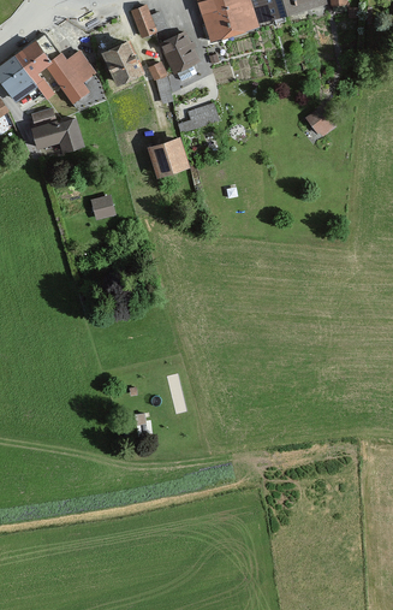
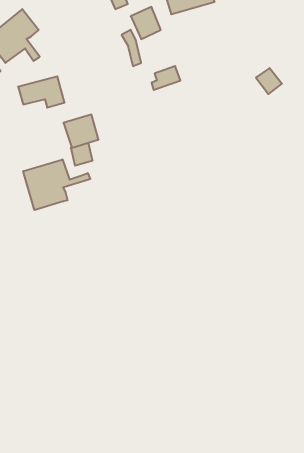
building: [100,41,143,88] -> none
building: [46,51,97,106] -> none
building: [147,137,187,176] -> [63,115,99,148]
building: none -> [23,159,90,210]

